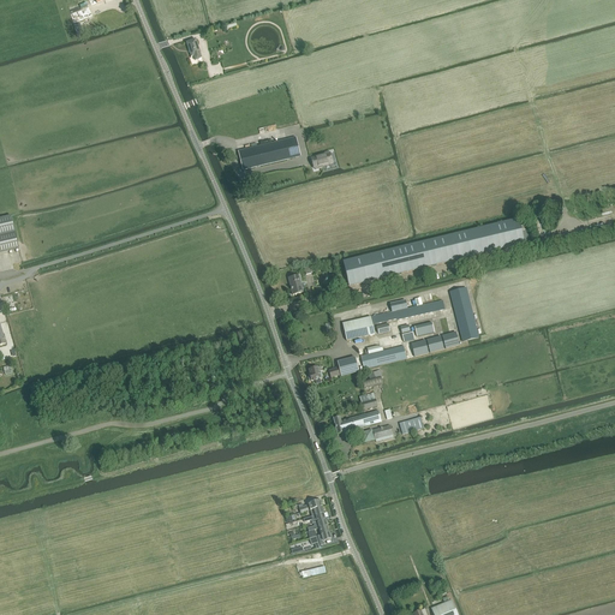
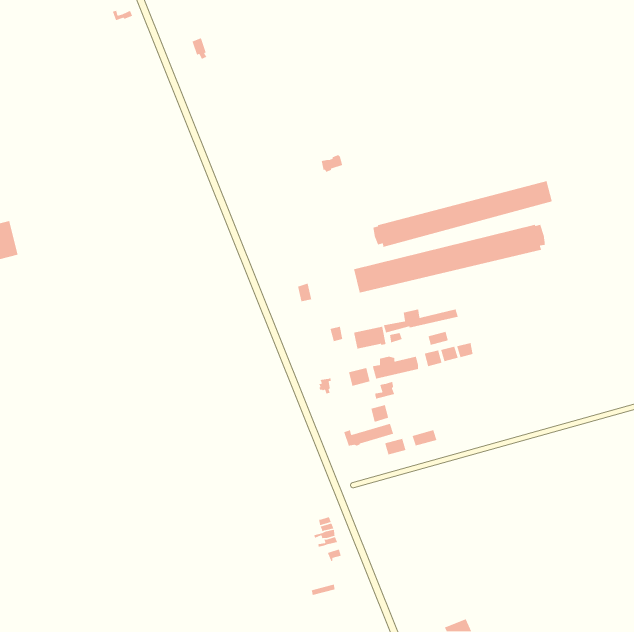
building: [237,135,299,167] -> none
building: none -> [372,180,553,248]
building: [448,285,478,340] -> none

